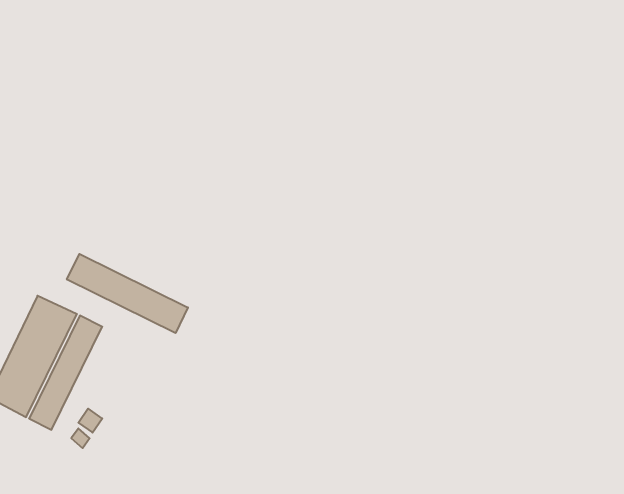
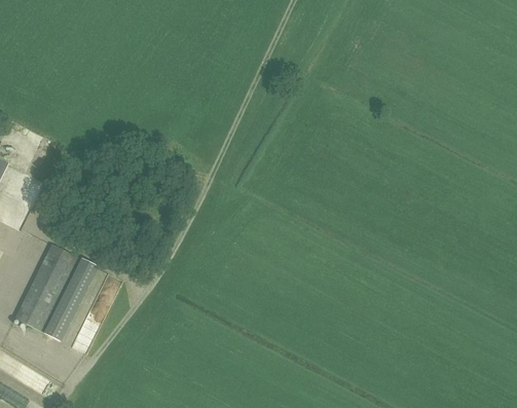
building: [67,254,188,333] -> none

